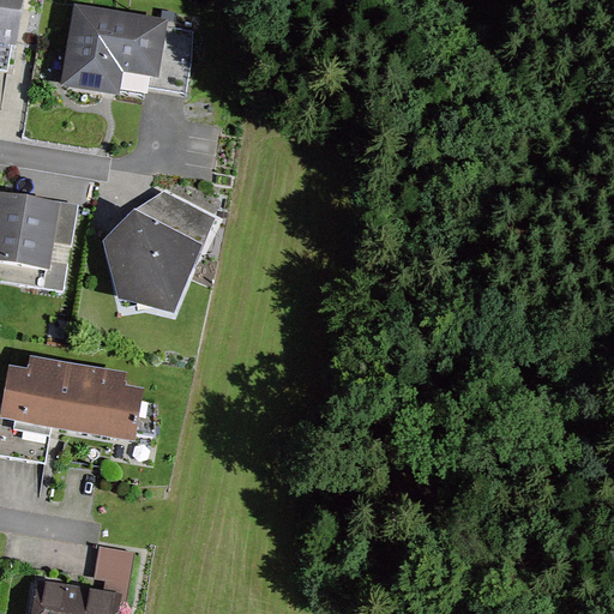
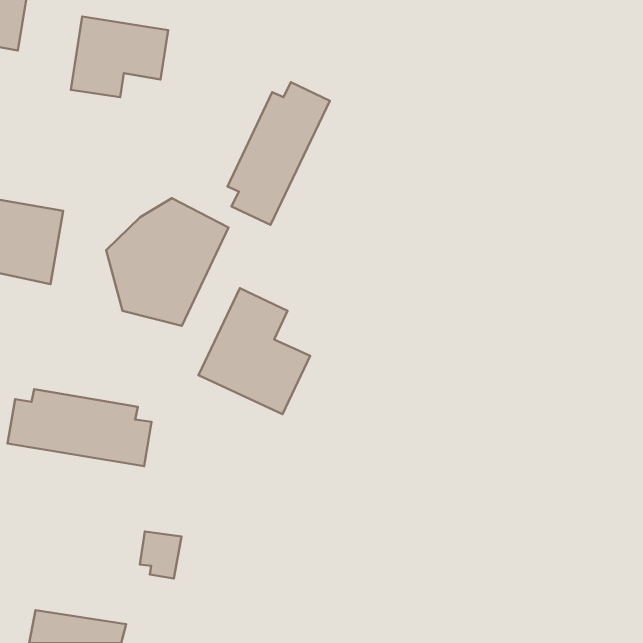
building: none -> [227,82,330,225]
building: none -> [199,288,310,414]
building: [94,546,133,590] -> [140,532,182,578]

